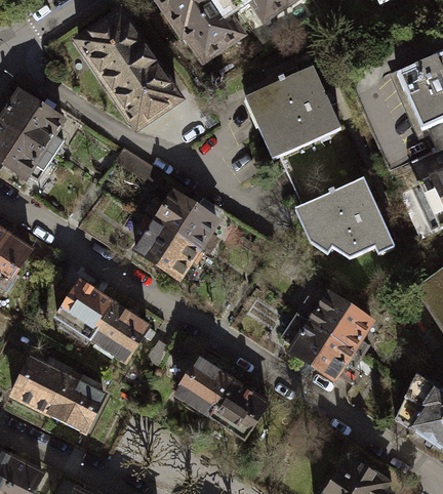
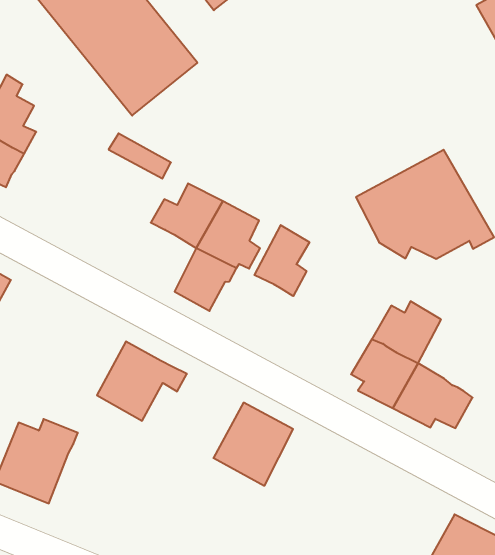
building: [245,68,338,158] -> none
building: [127,214,173,266] -> none
building: none -> [254,225,309,296]
building: [54,277,116,338] -> none
building: [330,303,375,358] -> none
building: [49,365,105,431] -> none
building: [209,375,272,439] -> none

